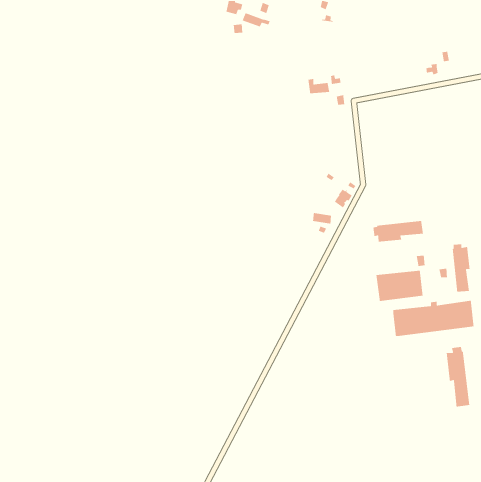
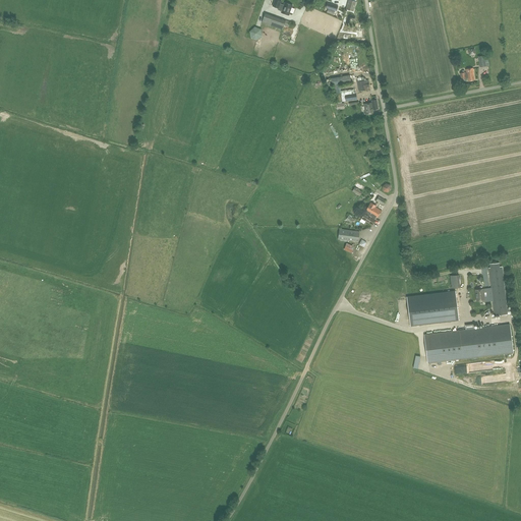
building: [373,220,424,242] -> none
building: [446,346,470,408] -> none

